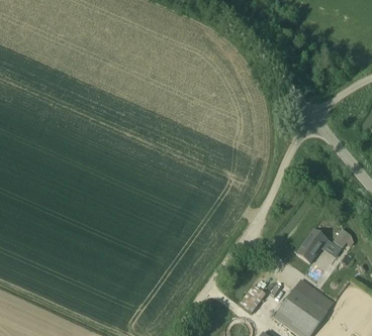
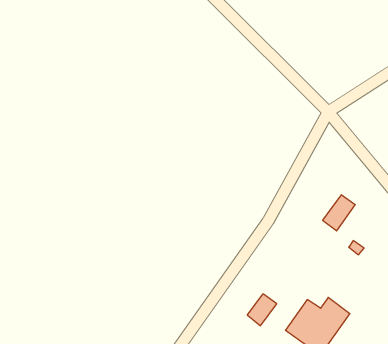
building: [296,229,327,262] -> [323,195,355,231]

